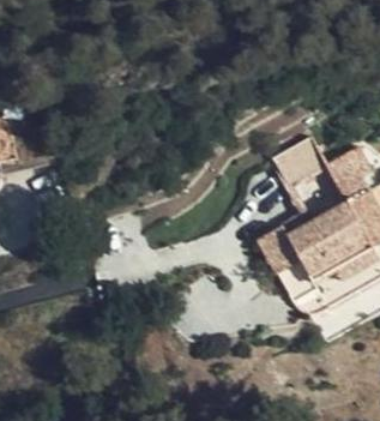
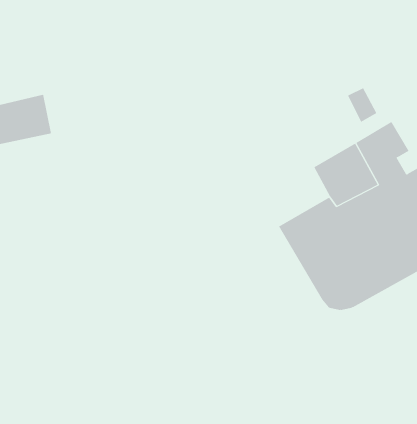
building: [266,133,320,182] -> none

